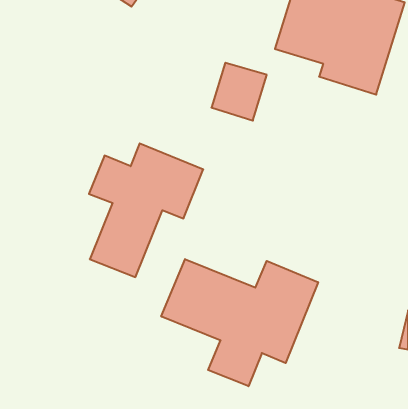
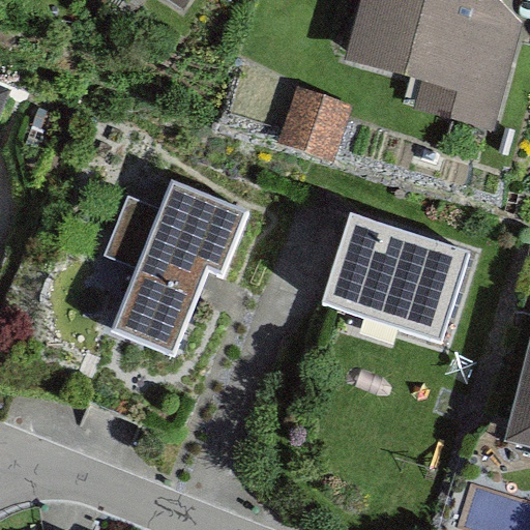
building: none -> [325,217,472,338]
building: [161,259,318,386] -> none

